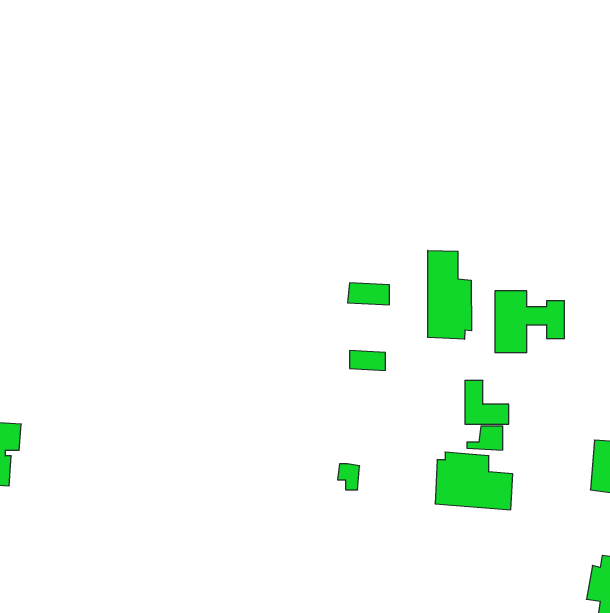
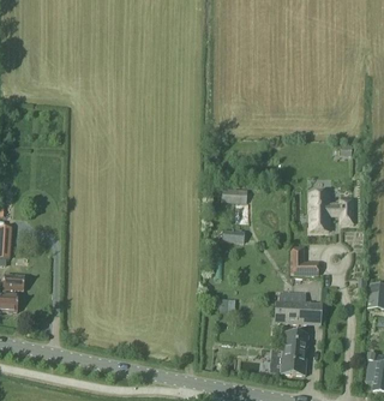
building: [428,250,472,339] -> none
building: none -> [276,333,308,373]

